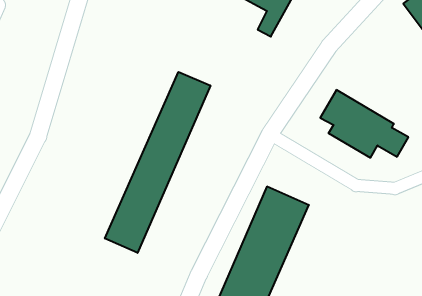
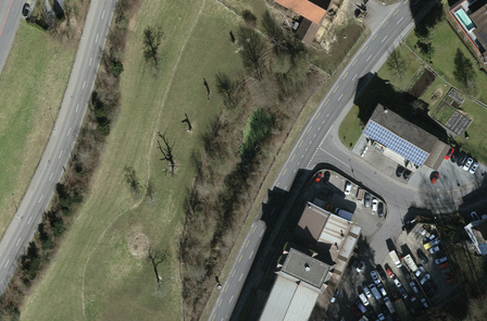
building: [105,72,210,253] -> none

